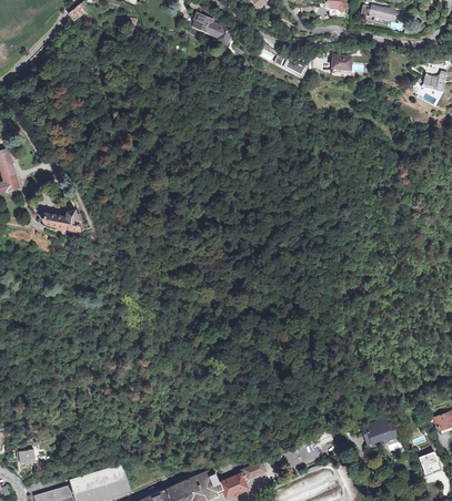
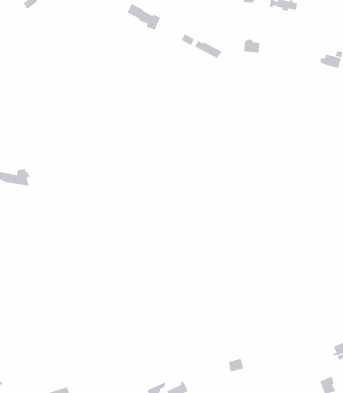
building: [363,417,396,441] -> none

